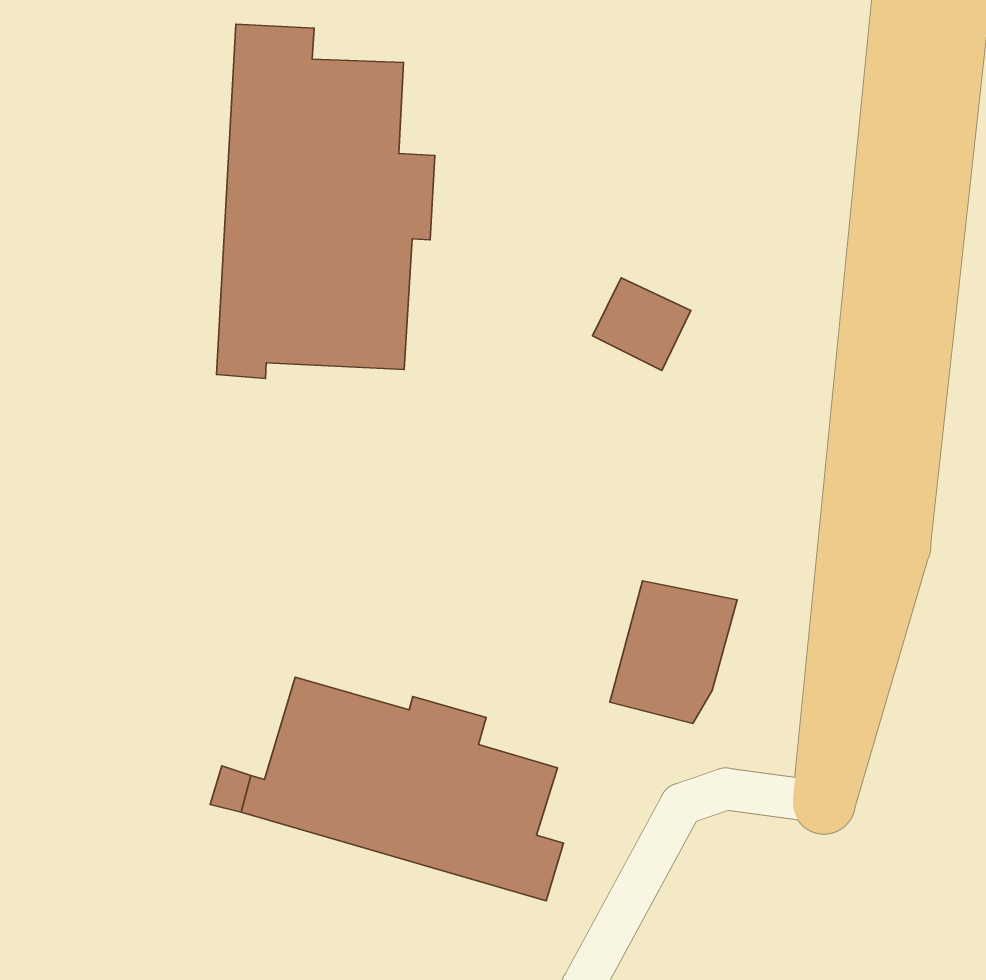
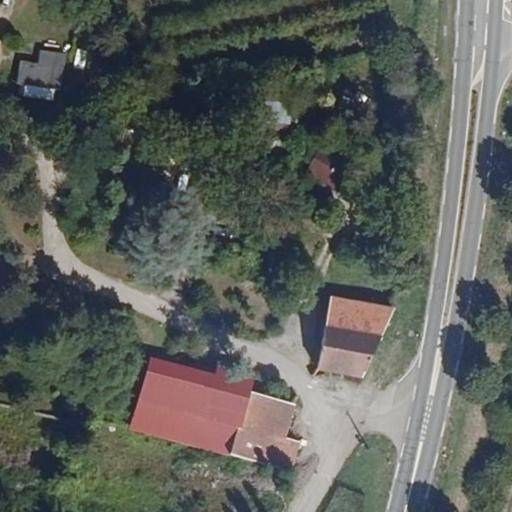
building: [216,24,435,378] -> none
building: none -> [19,53,64,102]

